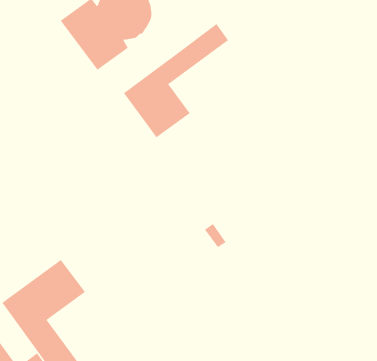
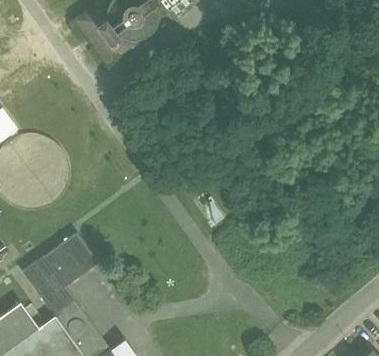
building: [123,23,229,138] -> none

